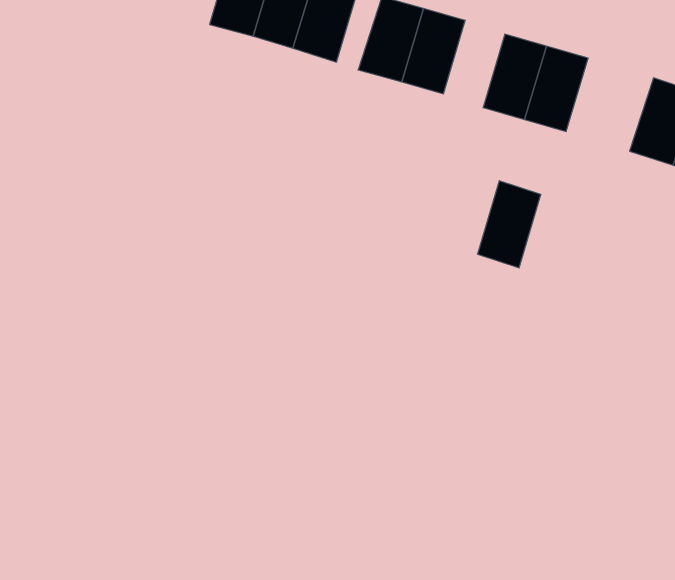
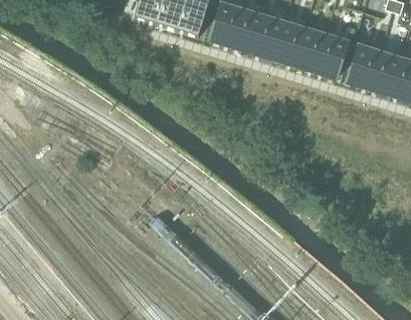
building: none -> [252,15,283,59]
building: [477,181,541,268] -> [315,34,347,78]

